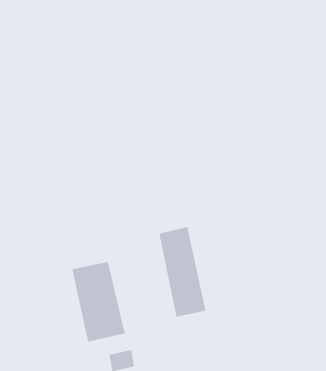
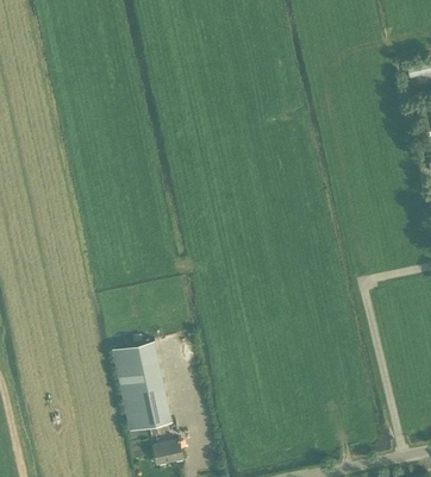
building: [159,226,206,317] -> none

